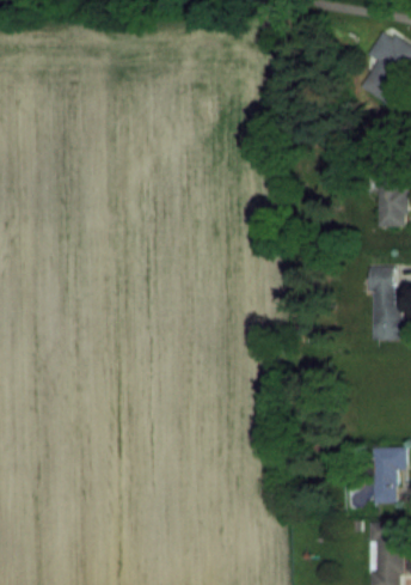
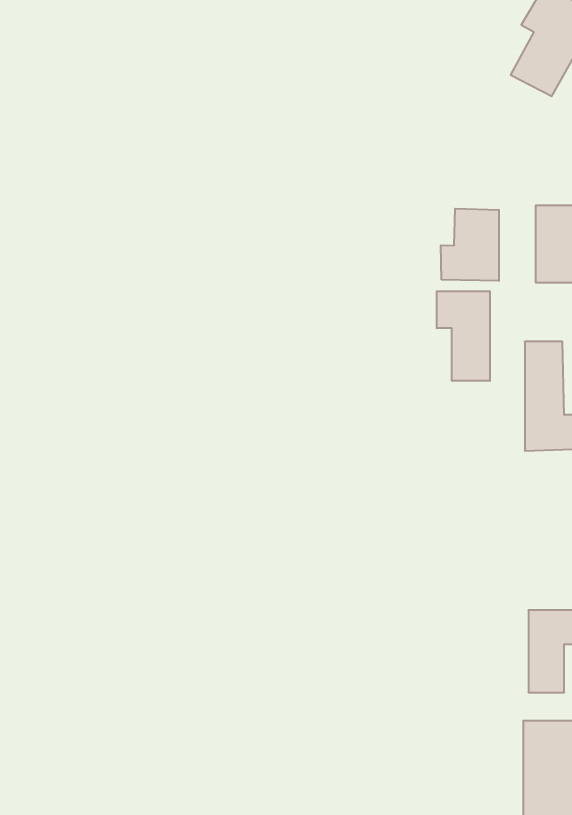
building: none -> [441,209,499,281]
building: none -> [437,291,490,381]

